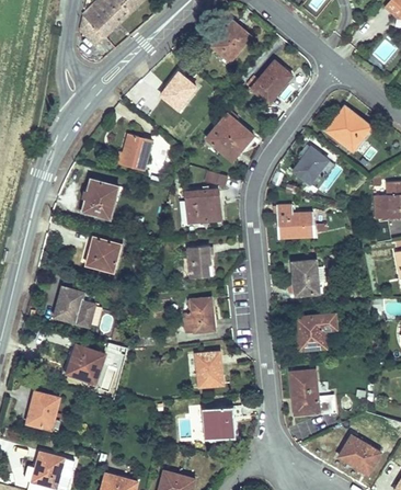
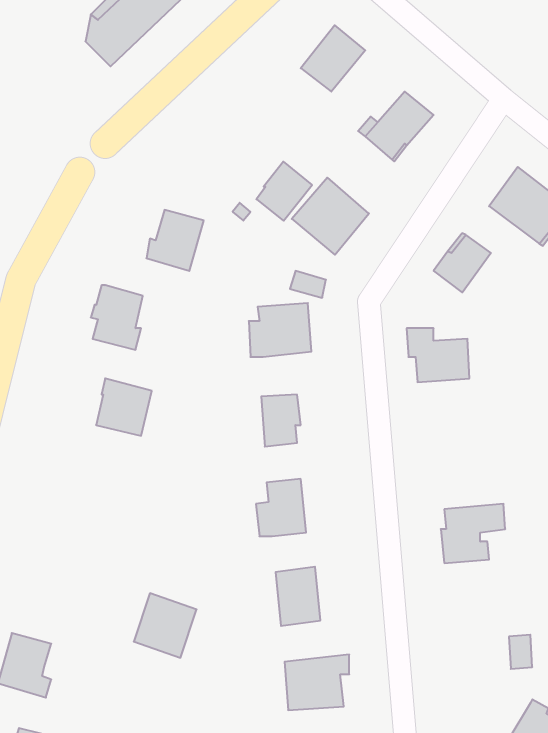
building: [162,72,196,109] -> [256,162,312,221]
building: [291,260,319,295] -> none
building: [56,286,95,326] -> none
building: [67,343,105,383] -> [134,593,197,658]
building: [290,369,335,413] -> none

